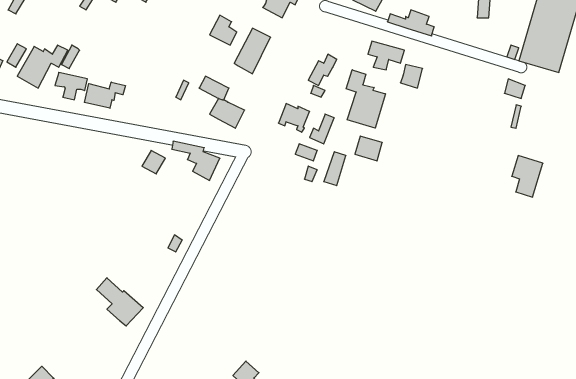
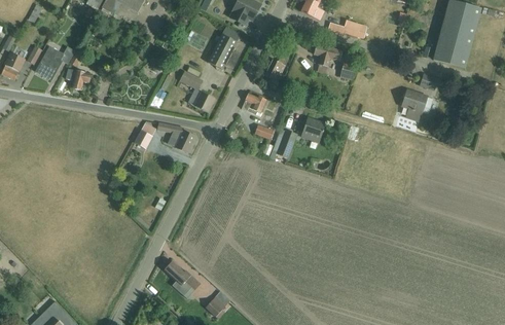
building: [346,70,385,128] -> none
building: [84,82,125,108] -> none
building: [512,156,543,197] -> [402,88,427,121]
building: [96,278,143,326] -> [164,260,201,298]

